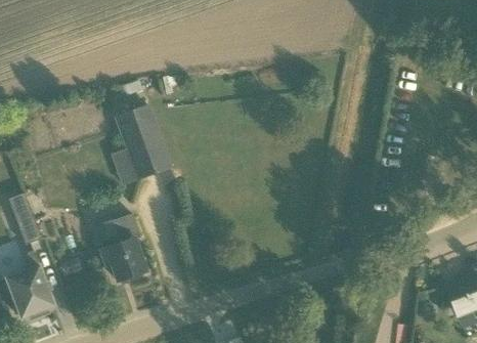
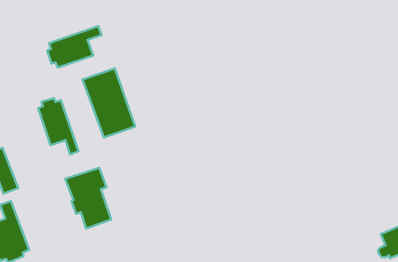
building: none -> [47,26,102,68]
building: none -> [38,98,79,155]

